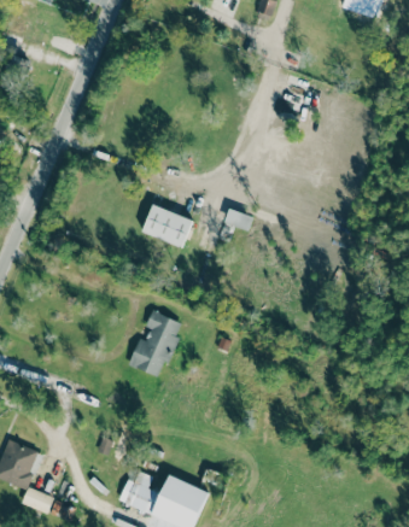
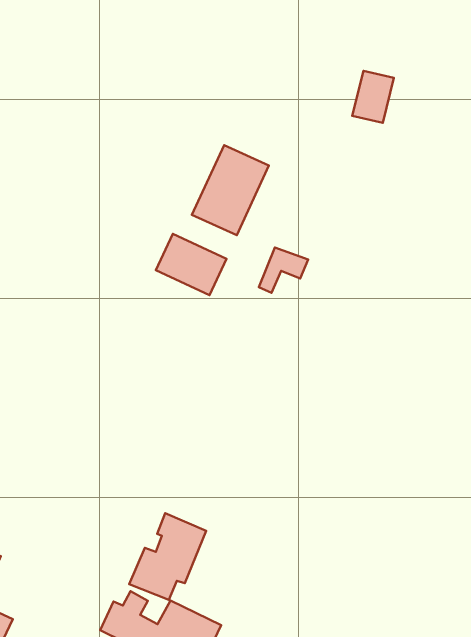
building: none -> [192,145,269,235]
building: [128,311,182,375] -> [129,513,206,600]

